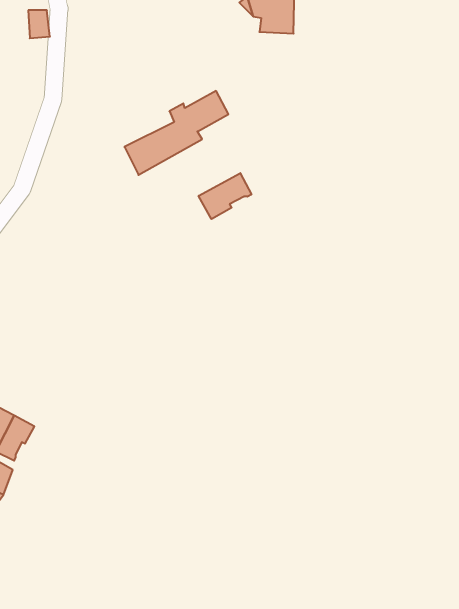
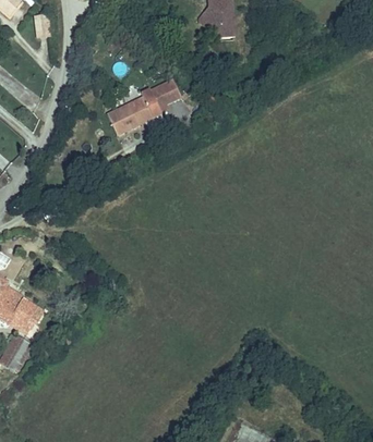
building: [199,173,251,219] -> none

